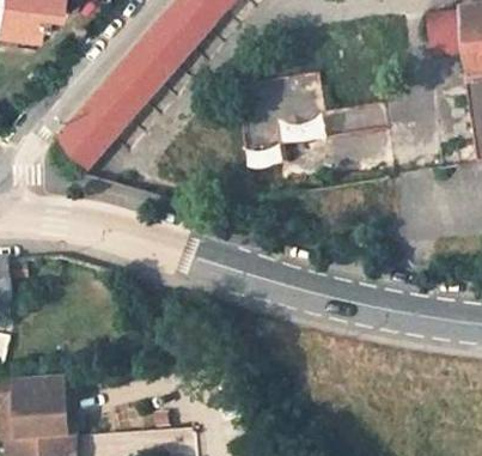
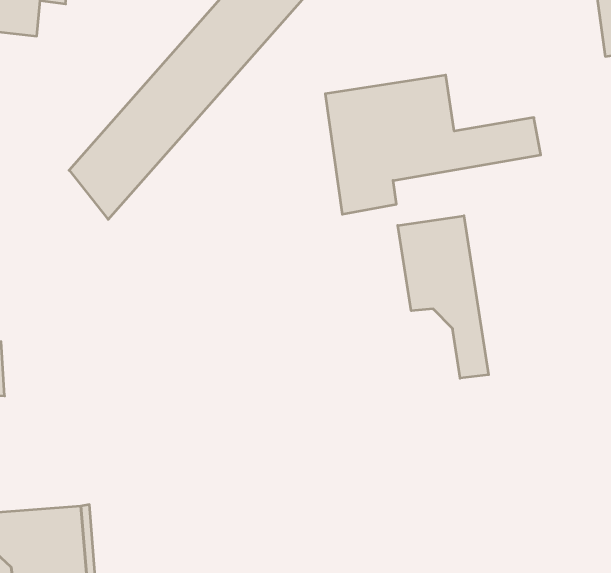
building: none -> [398,216,489,378]

